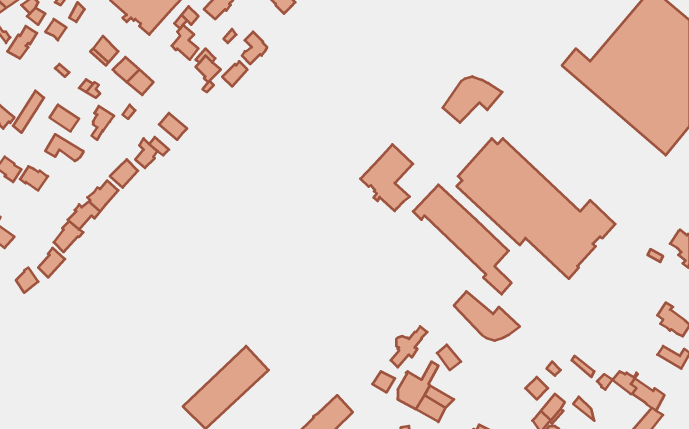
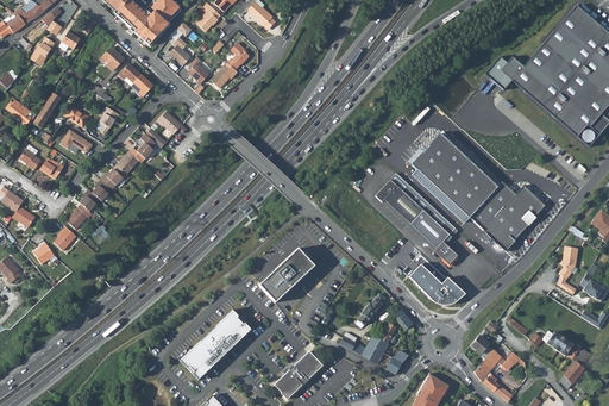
building: [443,76,502,123] -> none
building: [360,144,413,211] -> none
building: none -> [557,246,577,295]
building: none -> [258,249,314,304]

